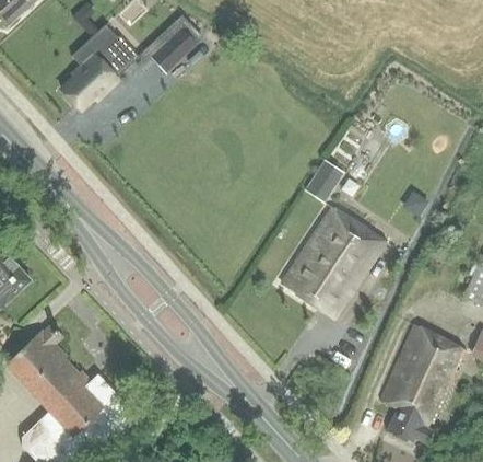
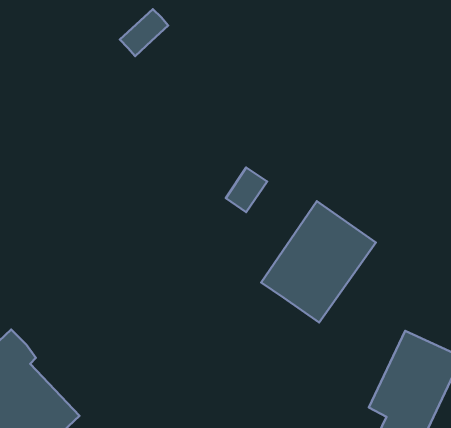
building: [62,25,139,109] -> none
building: [305,160,343,201] -> [226,167,267,212]

